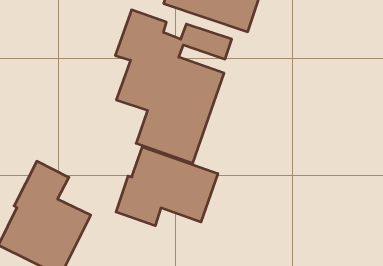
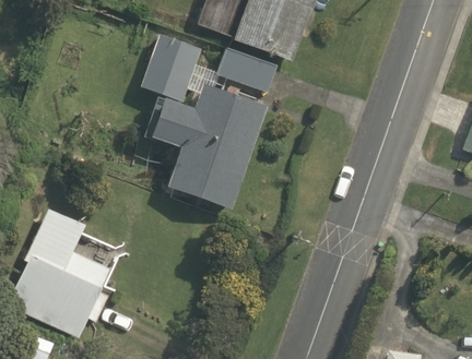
building: [116,147,218,226] -> none

